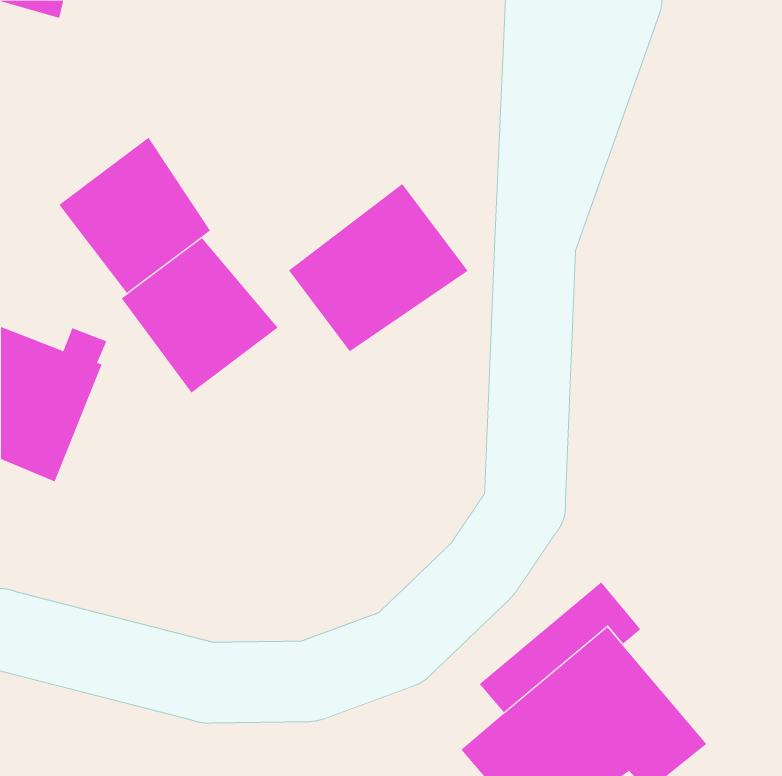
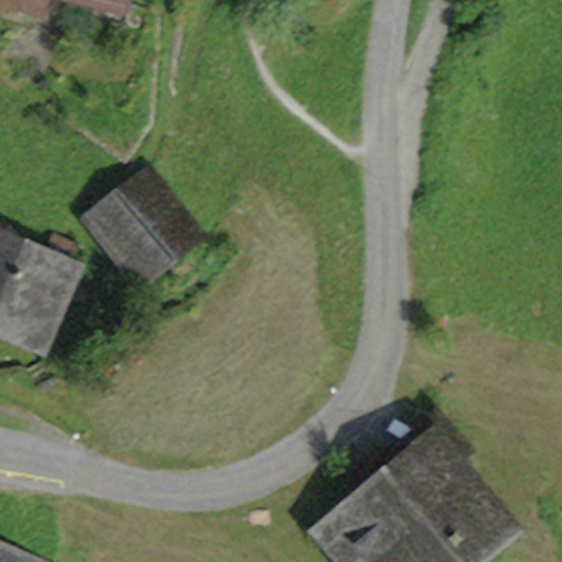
building: [58,137,211,294] -> none
building: [288,183,469,352] -> none

